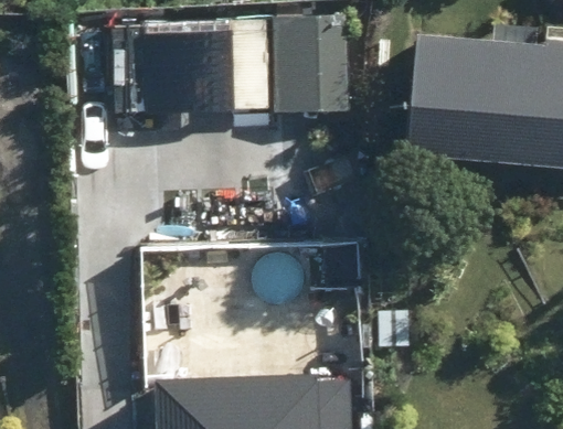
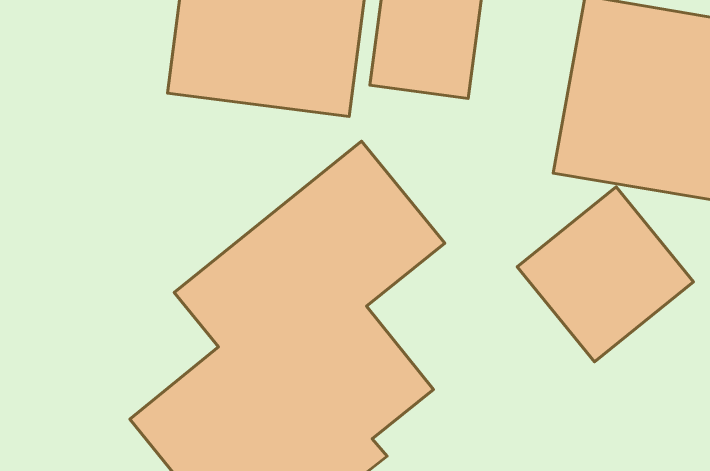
building: none -> [517,187,694,362]

